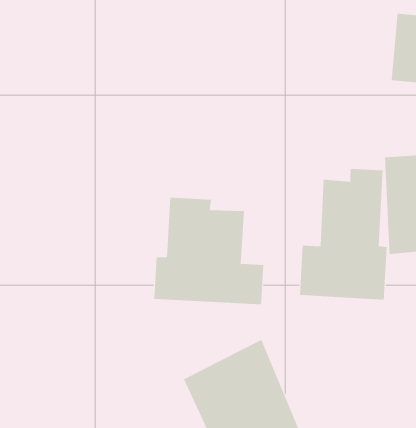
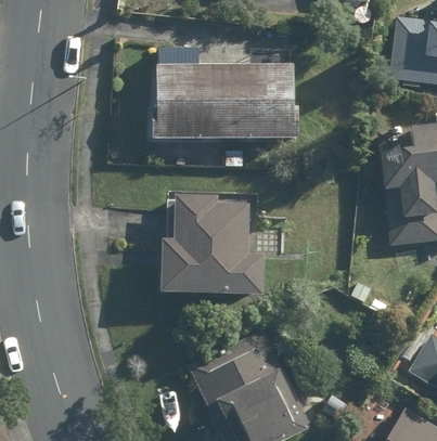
building: none -> [153,48,300,139]
building: [300,168,387,300] -> none

